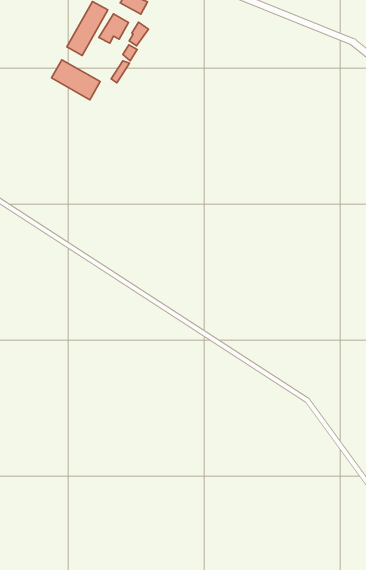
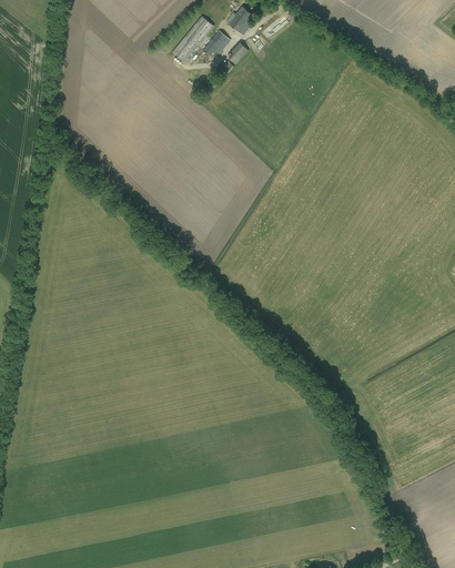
building: [51,60,100,100] -> none

